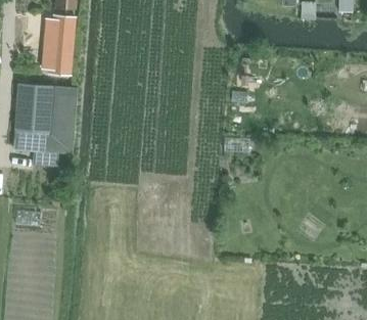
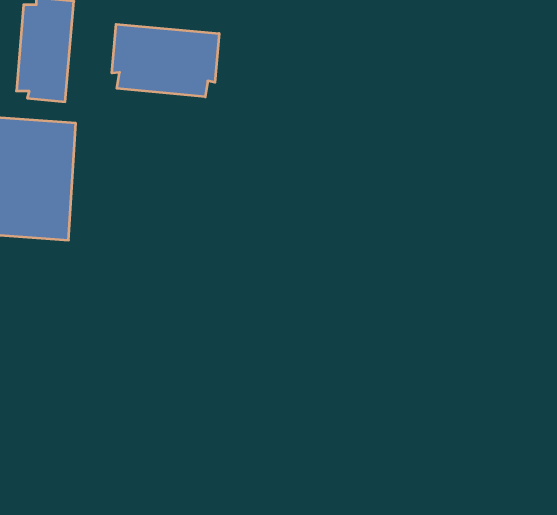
building: none -> [112,24,219,97]

